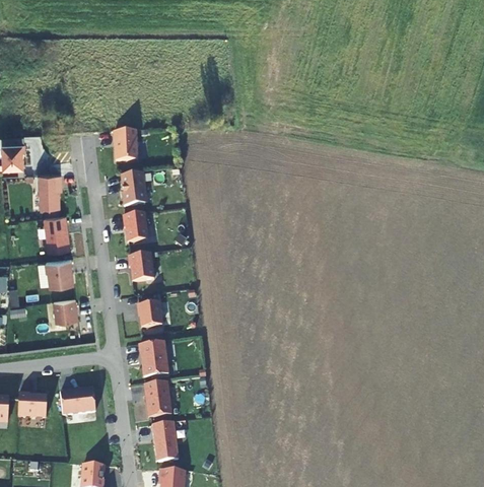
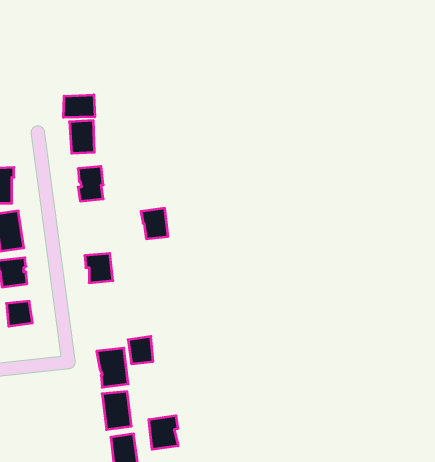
building: none -> [63,95,95,117]
building: [123,212,148,240] -> [141,208,168,239]
building: [138,300,161,326] -> [128,336,153,364]
building: [60,389,95,414] -> none
building: none -> [149,416,178,449]

